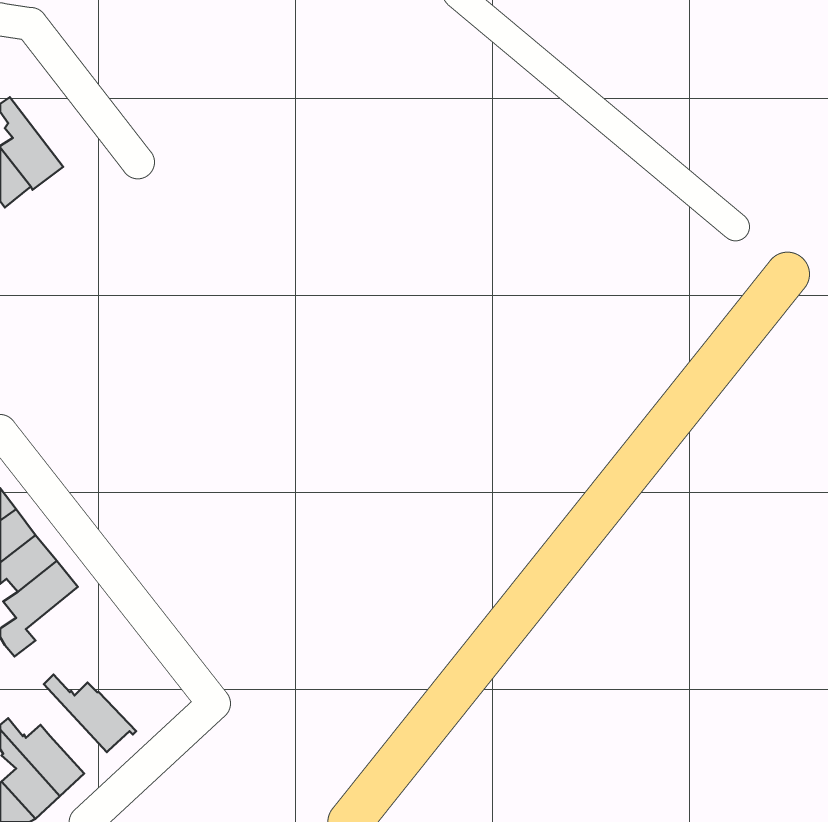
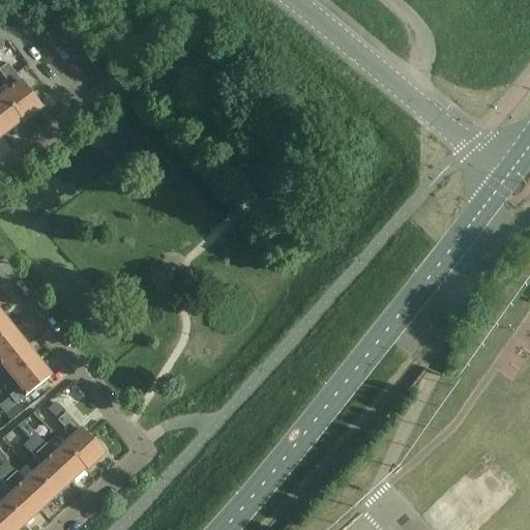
building: none -> [47,400,102,467]
building: none -> [22,437,68,494]

